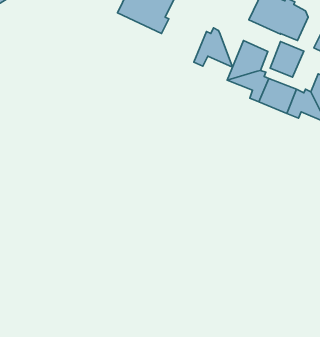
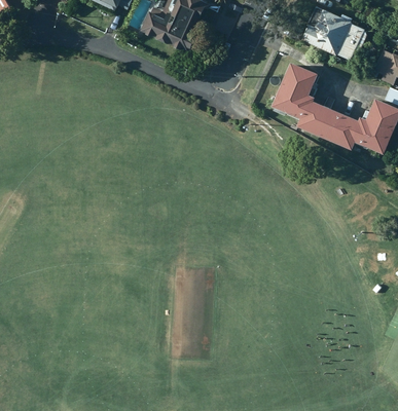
building: [194,28,233,67] -> none
building: [270,42,304,77] -> none

